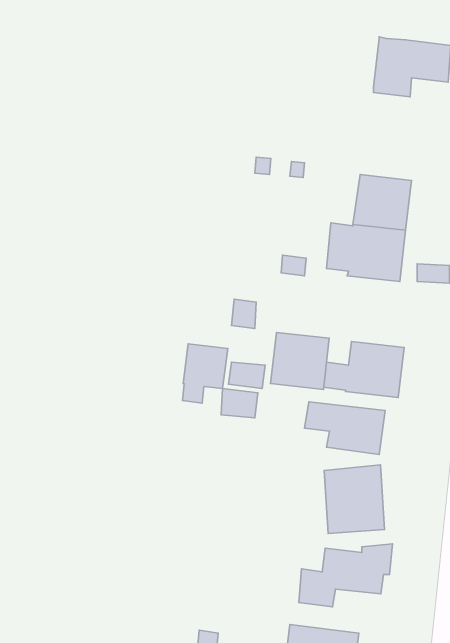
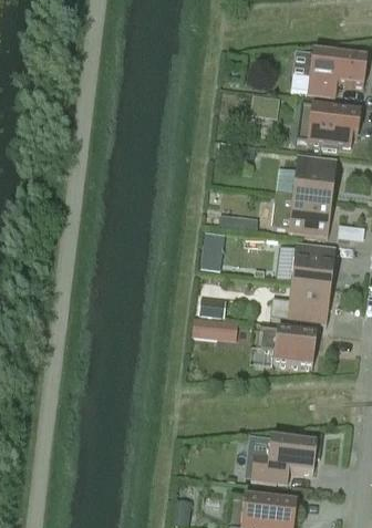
building: none -> [299,103,361,148]
building: [271,332,329,390] -> [291,242,335,286]
building: [182,344,228,403] -> none
building: [324,465,385,533] -> none

